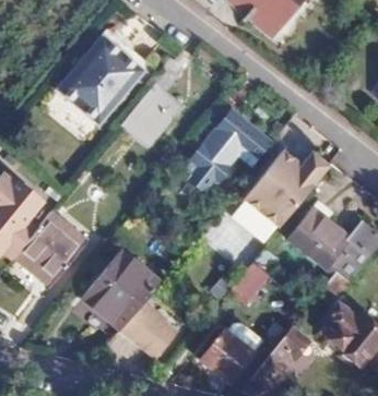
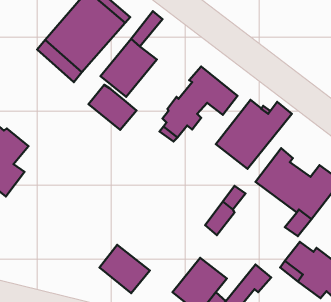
building: none -> [88,85,137,130]
building: [14,211,90,287] -> none
building: [79,263,151,335] -> none

